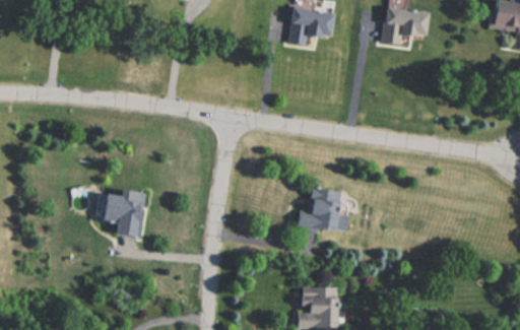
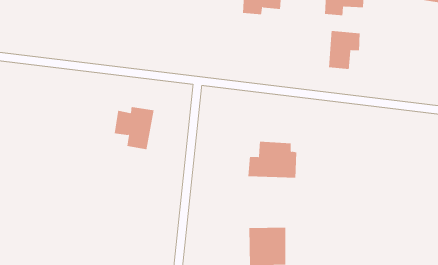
building: none -> [328,30,360,70]
building: [101,188,146,237] -> [114,106,154,150]

